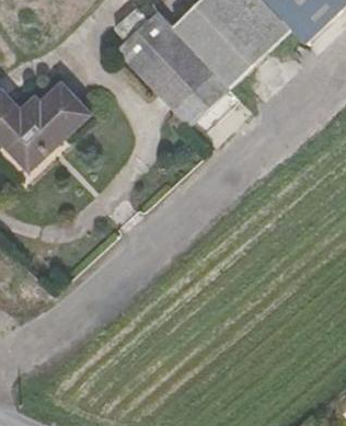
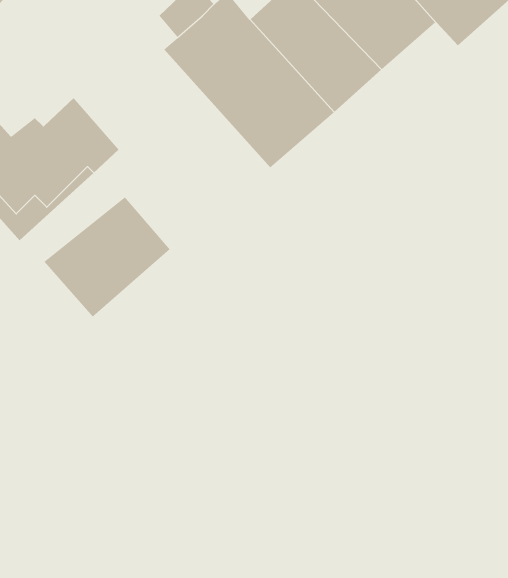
building: none -> [44,197,170,317]

